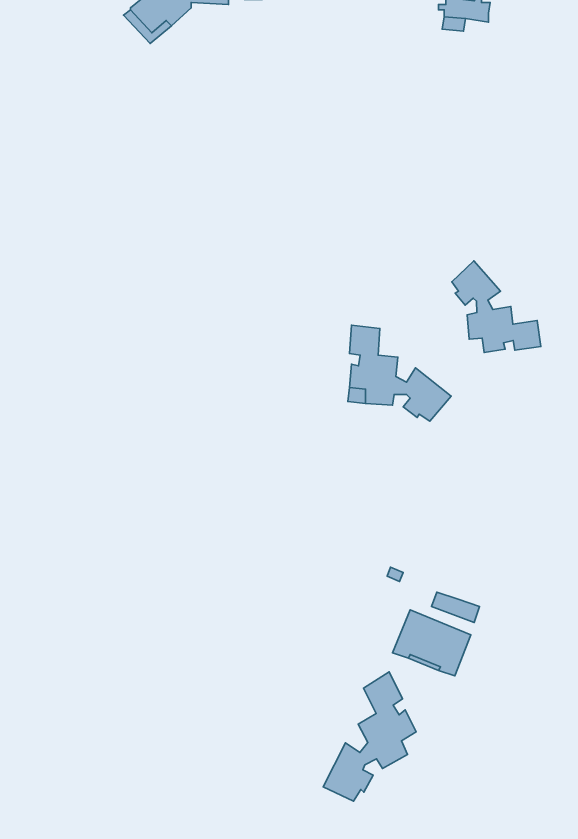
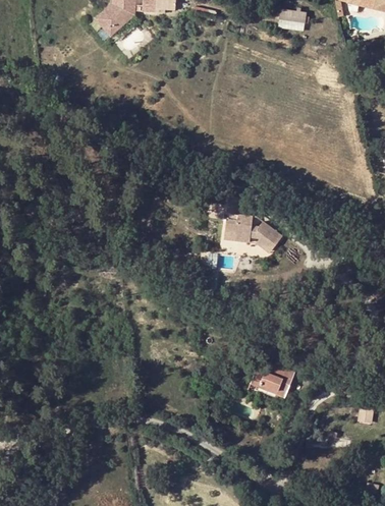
building: [452,261,541,352] -> none
building: [323,672,416,801] -> none

